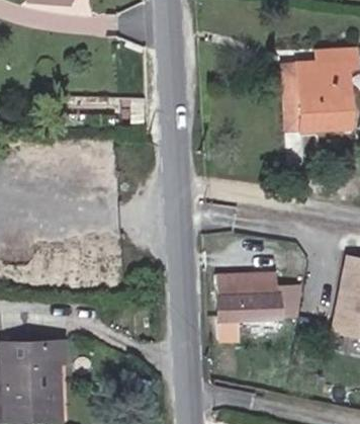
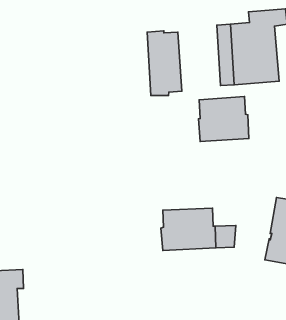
building: none -> [147,31,182,96]
building: none -> [199,96,249,141]

